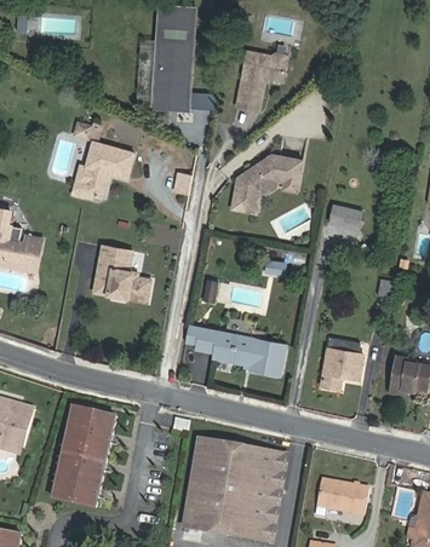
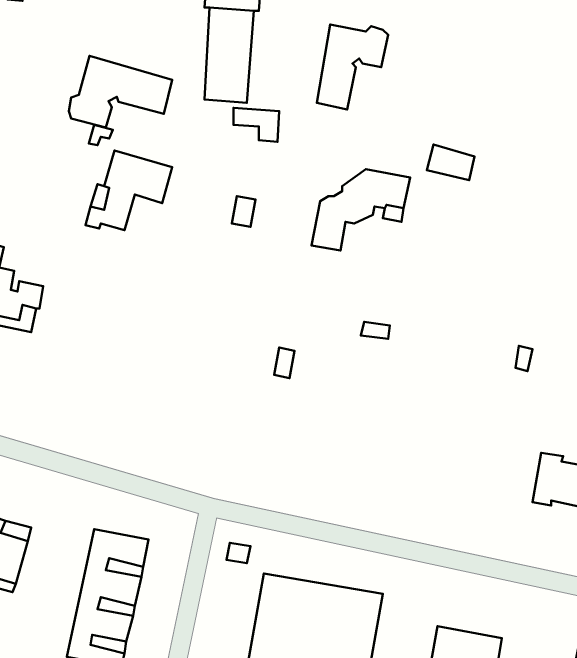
building: none -> [69,56,172,127]
building: [327,203,361,229] -> [427,145,474,180]
building: [93,244,150,301] -> none
building: [185,326,286,376] -> none
building: [320,338,362,388] -> none

